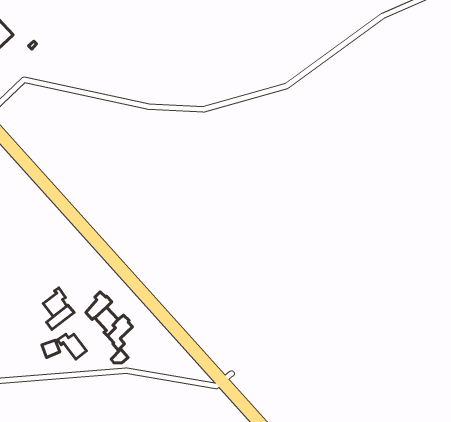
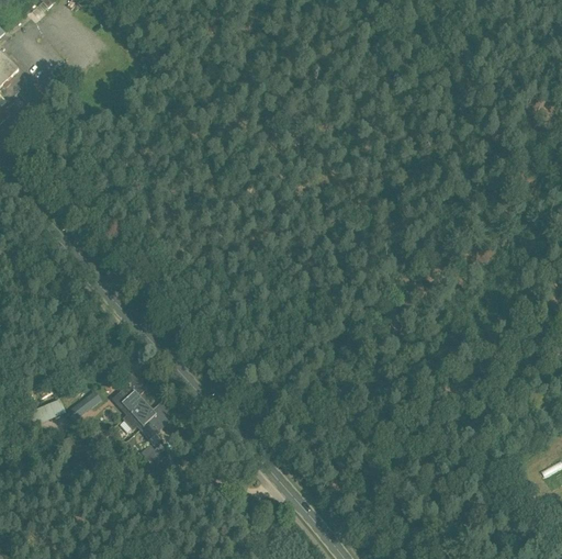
building: [43,288,67,316] -> none
building: [58,334,87,359] -> none

